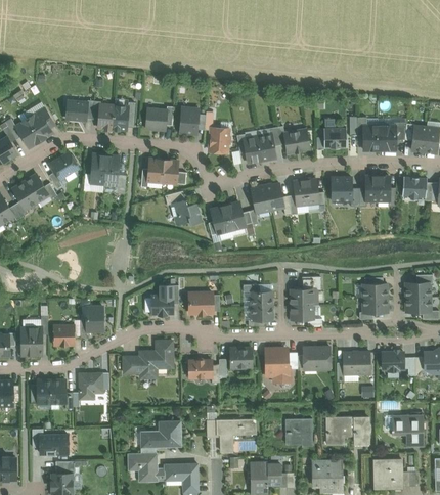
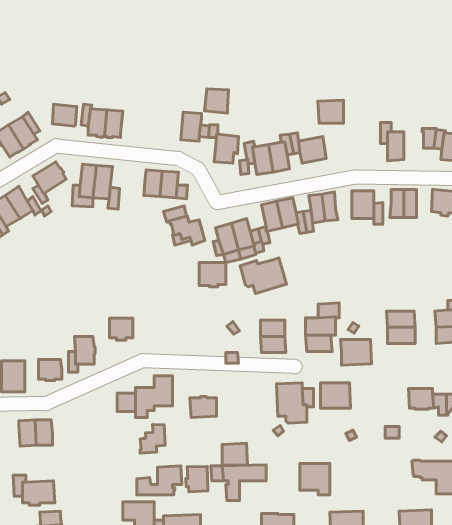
building: [145,108,167,130] -> [204,89,229,113]
building: [378,125,395,149] -> none
building: [323,127,346,147] -> [318,100,343,123]
building: none -> [240,258,286,294]
building: [189,292,213,314] -> [199,262,226,287]
building: [152,296,173,315] -> [110,318,133,340]
building: [230,348,253,367] -> [222,443,248,465]
building: [343,352,370,374] -> [340,340,372,365]
building: [79,372,102,399] -> none
building: none -> [140,424,165,453]
building: [326,417,368,444] -> none
building: none -> [186,467,208,492]

